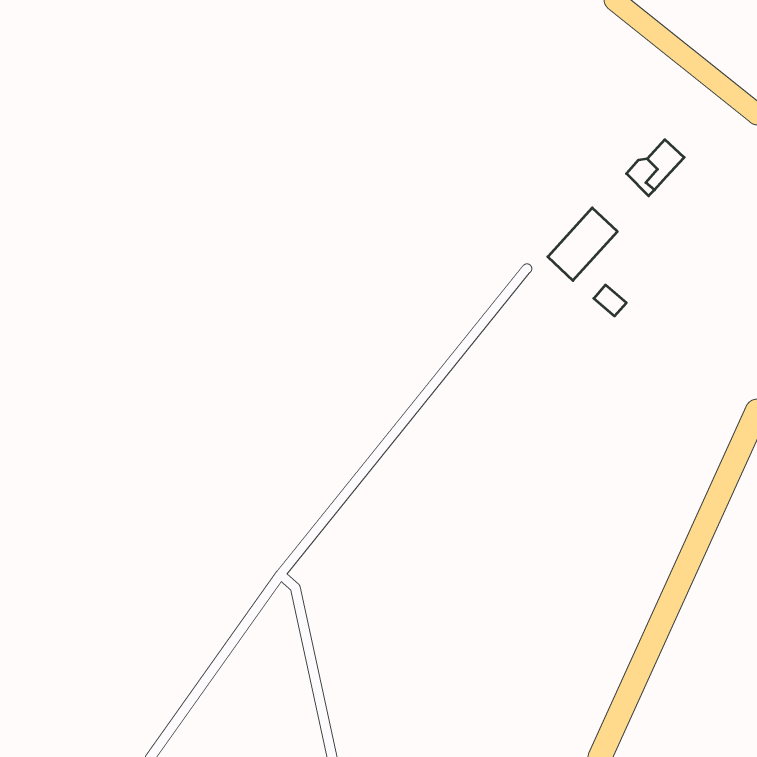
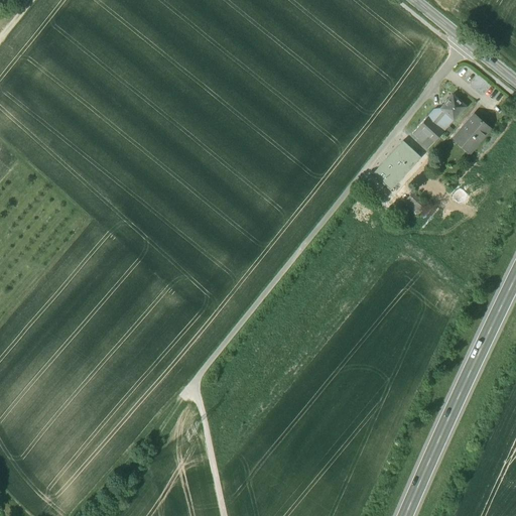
building: none -> [455,116,489,151]
building: none -> [412,119,440,149]

